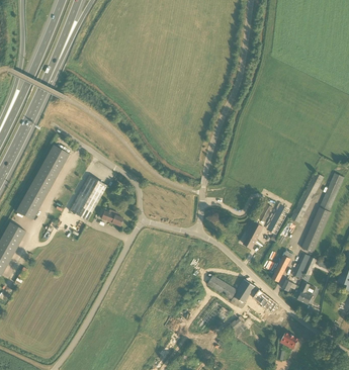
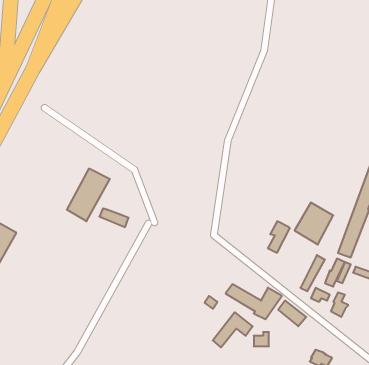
building: [15,145,69,219] -> none

